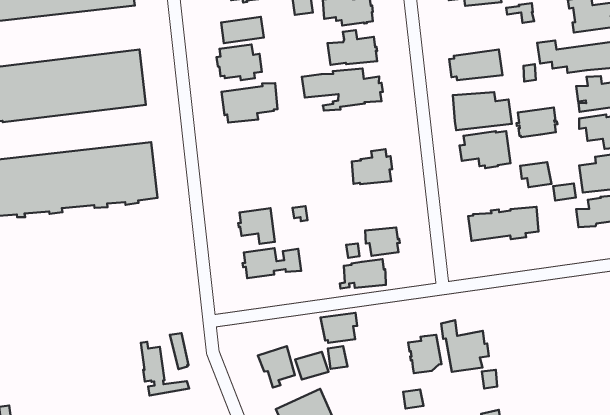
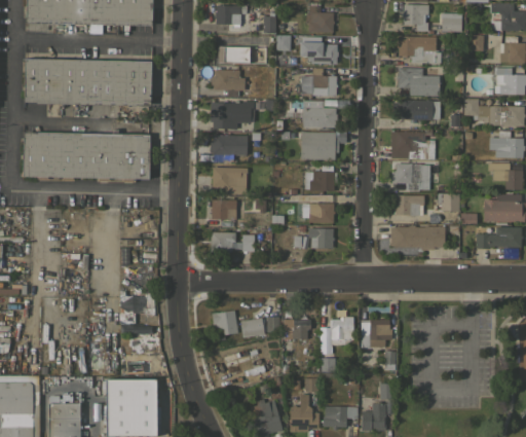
building: none -> [397,68,440,96]
building: none -> [300,131,346,159]
building: [517,108,557,137] -> [392,195,424,215]
building: none -> [210,135,247,162]
building: none -> [212,167,246,193]
building: [340,259,386,289] -> [297,203,334,223]
building: [321,313,357,343] -> [283,319,310,339]

